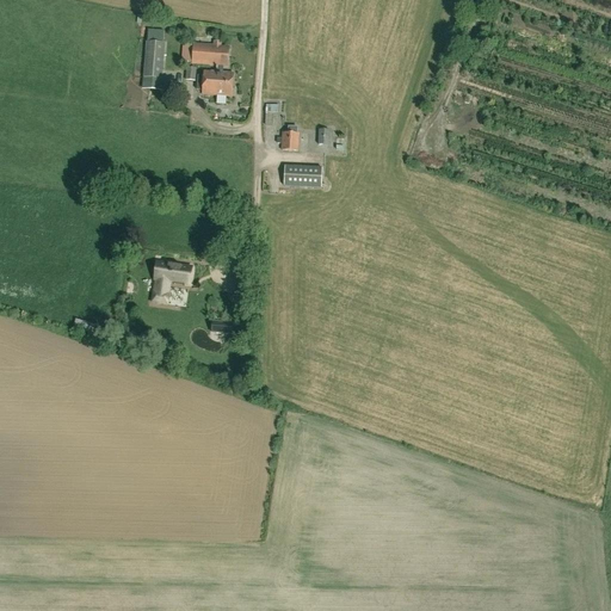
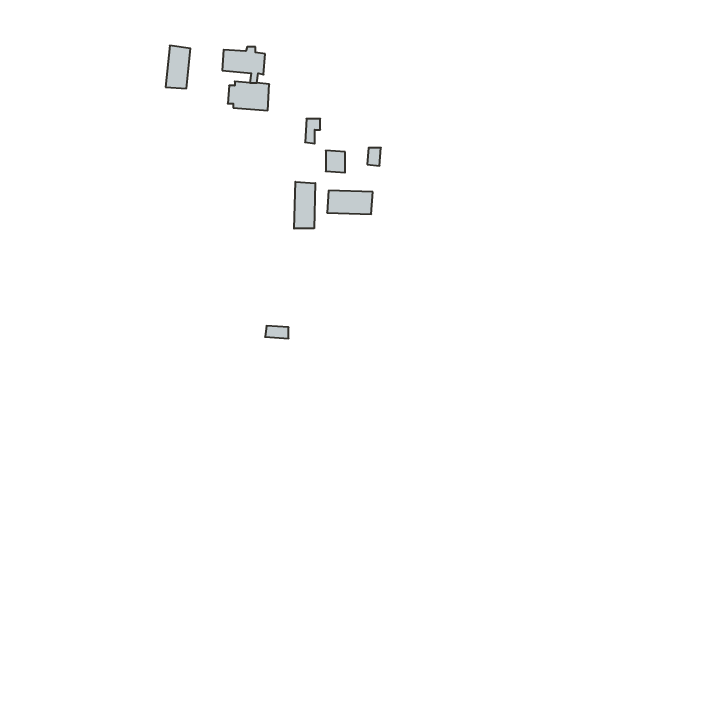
building: none -> [294,182,315,229]
building: [152,261,190,302] -> none

